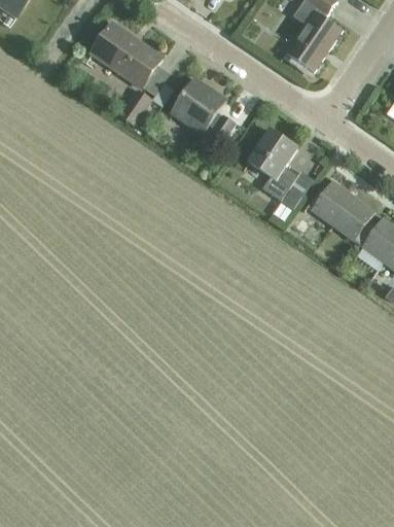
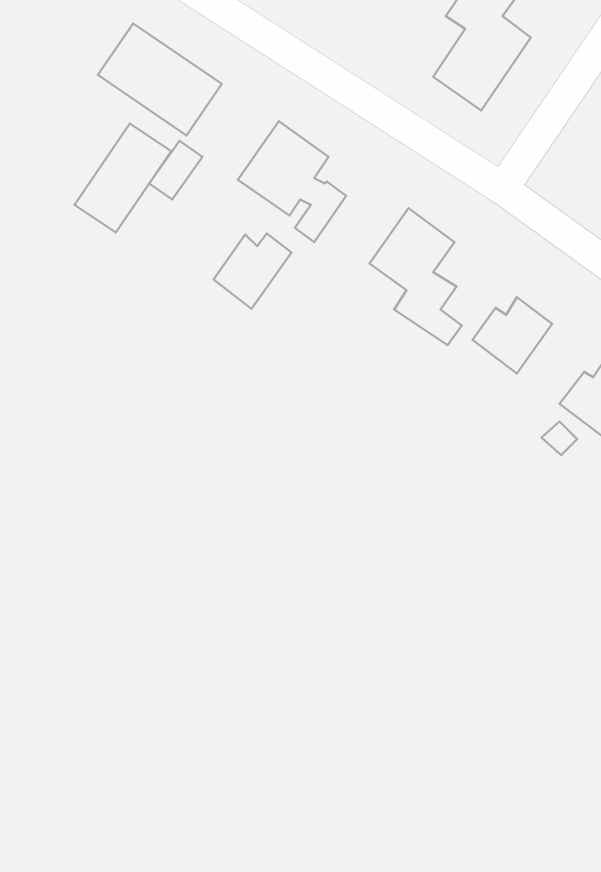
building: none -> [74,123,171,232]
building: none -> [213,234,292,309]
building: [333,196,375,242] -> none

